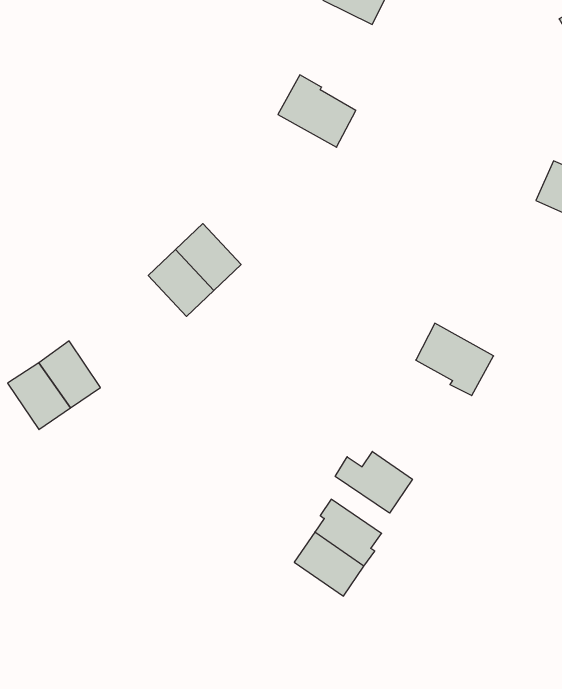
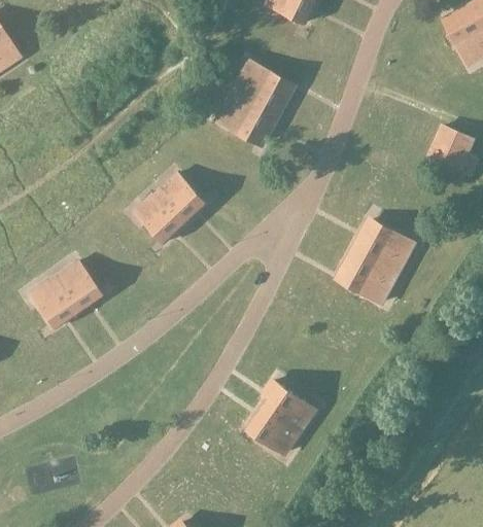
building: none -> [217,90,278,142]
building: none -> [352,220,414,272]
building: [335,451,412,513] -> none

